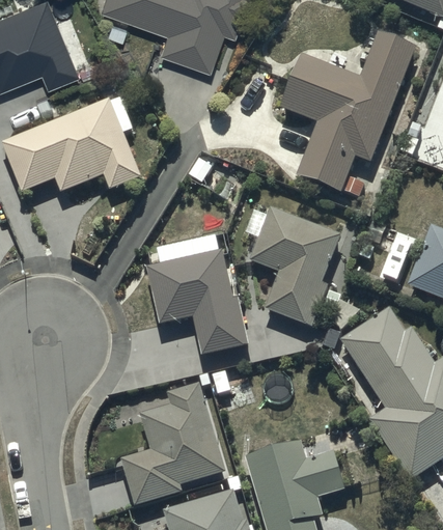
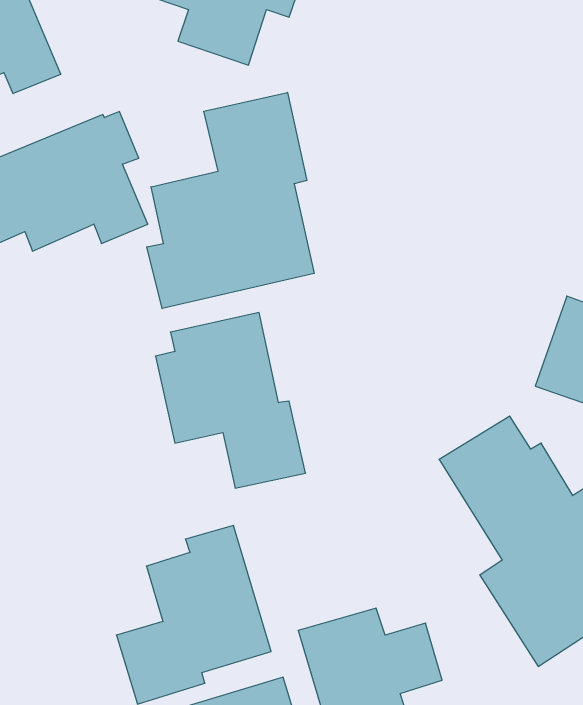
building: [273,33,414,195] -> none
building: none -> [147,92,314,309]
building: [246,207,338,328] -> none

